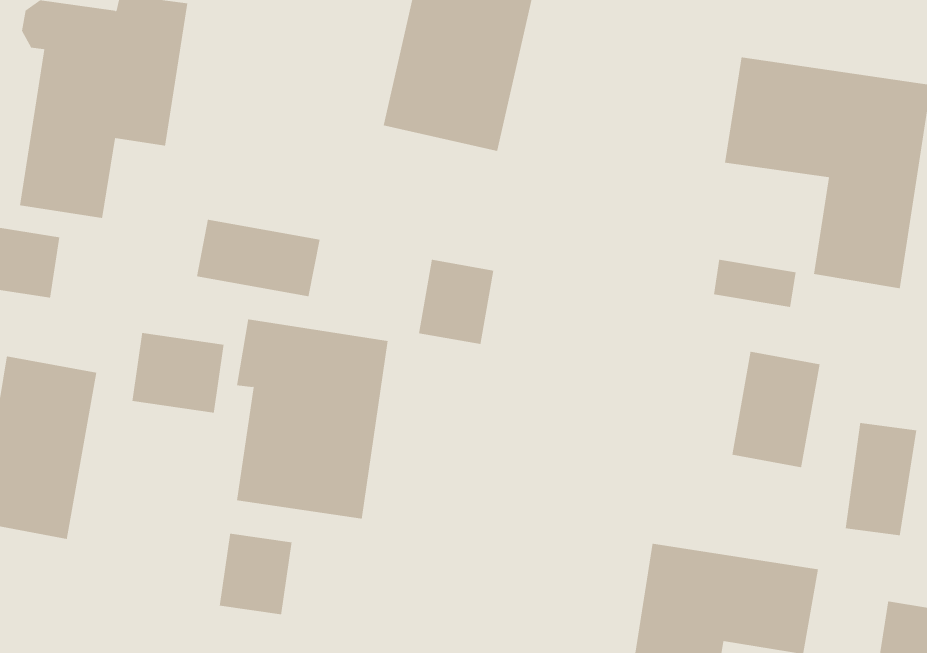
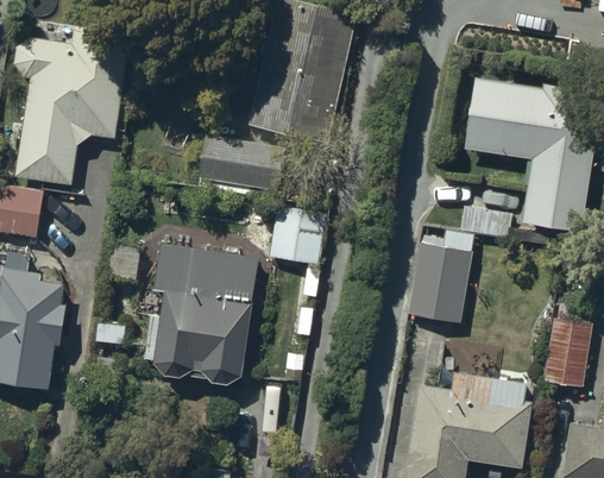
building: [196,219,320,297] -> [199,138,278,188]
building: [132,332,224,413] -> none
building: [731,351,820,468] -> [411,249,468,323]
building: [219,533,292,615] -> none

